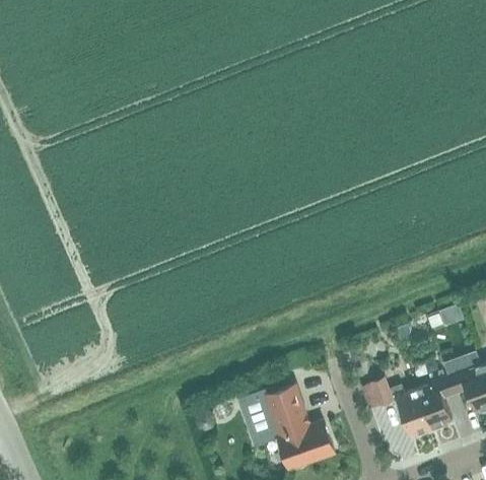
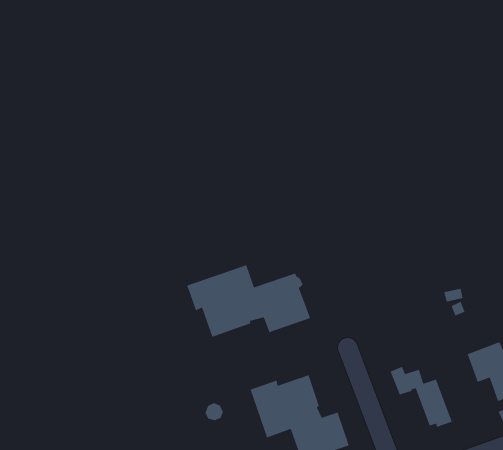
building: none -> [186,264,311,338]
building: [417,368,456,430] -> none

